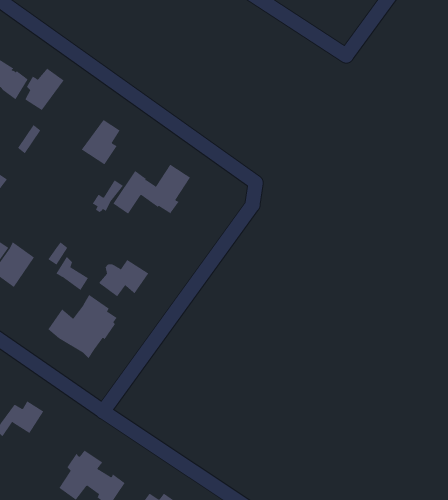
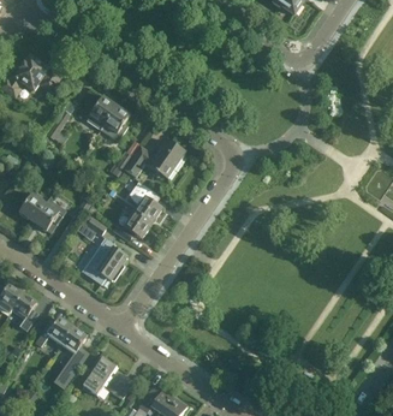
building: [25,68,64,111] -> [87,96,117,129]
building: none -> [127,176,161,222]
building: none -> [58,327,87,382]

